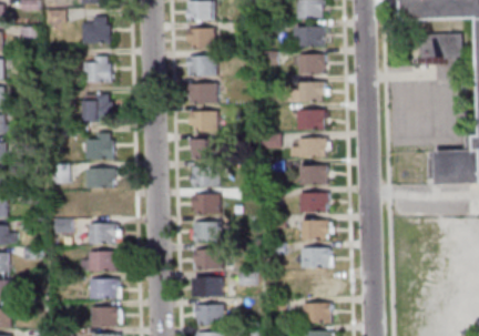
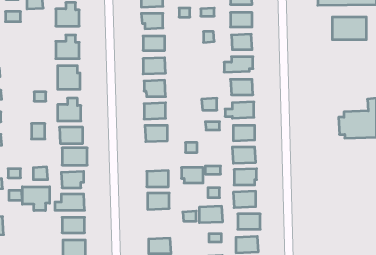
building: [193,194,220,213] -> [181,168,203,183]
building: none -> [22,187,50,211]
building: [194,277,223,297] -> [199,206,223,223]

